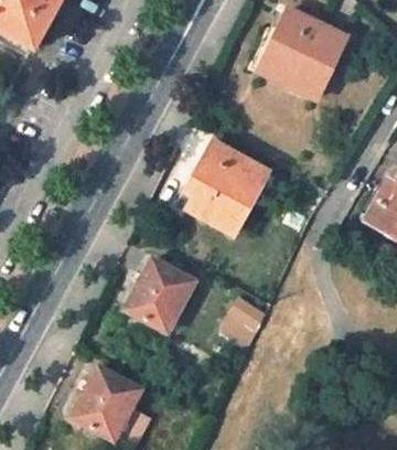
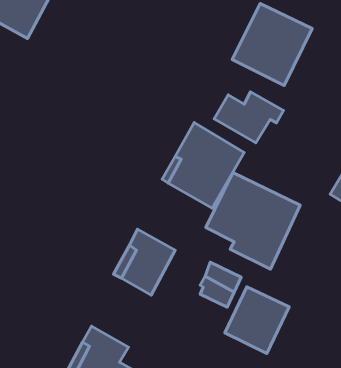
building: none -> [214,92,284,143]
building: none -> [206,172,300,269]
building: none -> [225,287,289,353]

